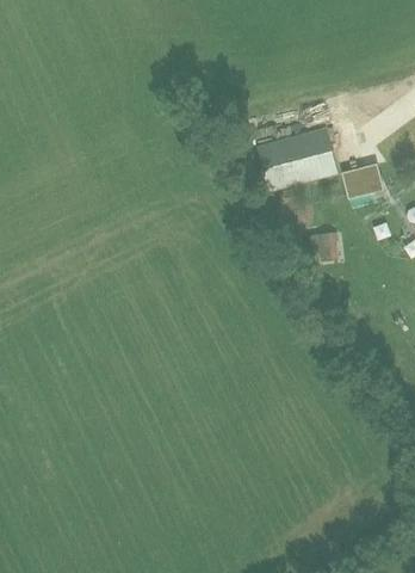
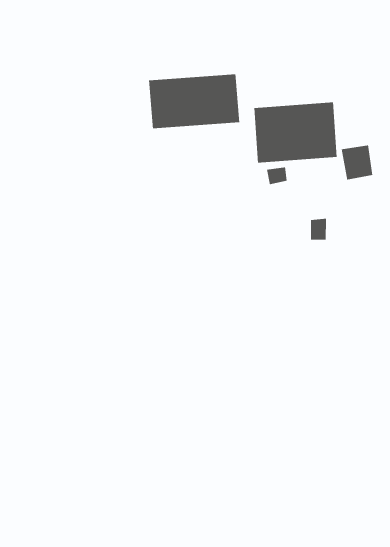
building: none -> [148,74,240,129]

